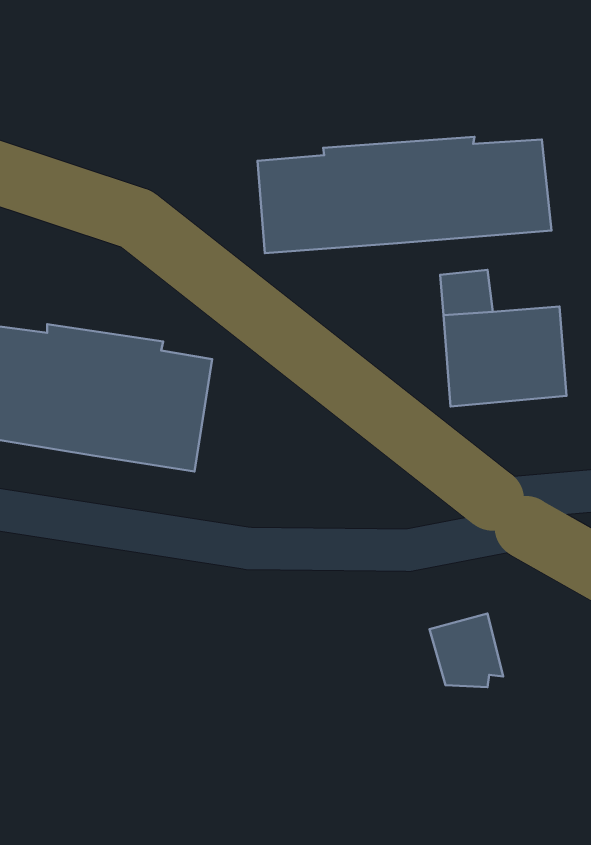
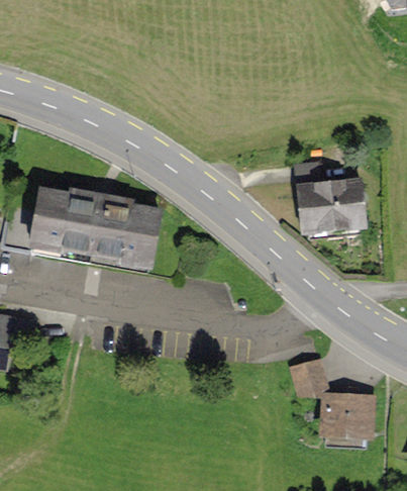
building: [258,137,551,253] -> none
building: none -> [319,390,376,440]

